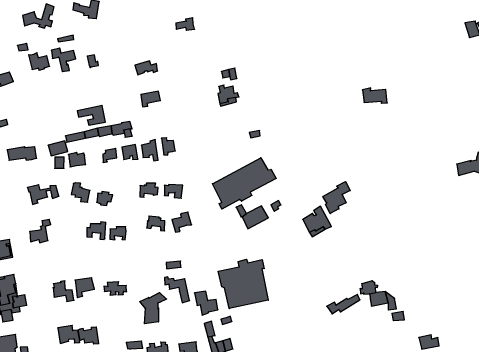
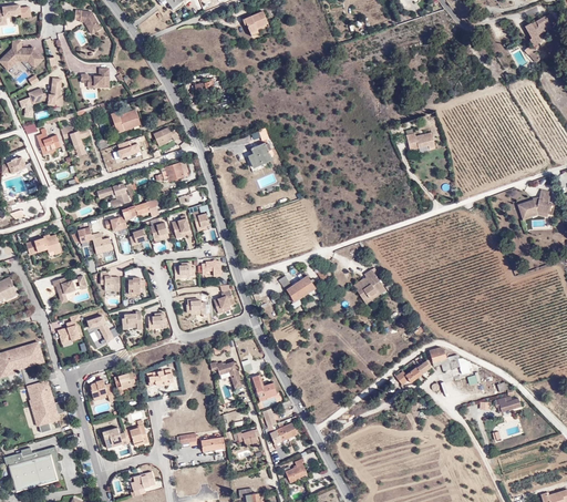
building: none -> [111,107,142,133]
building: [212,158,276,209] -> none
building: [323,182,350,214] -> none
building: [218,259,268,309] -> none
building: [140,293,167,324] -> none

